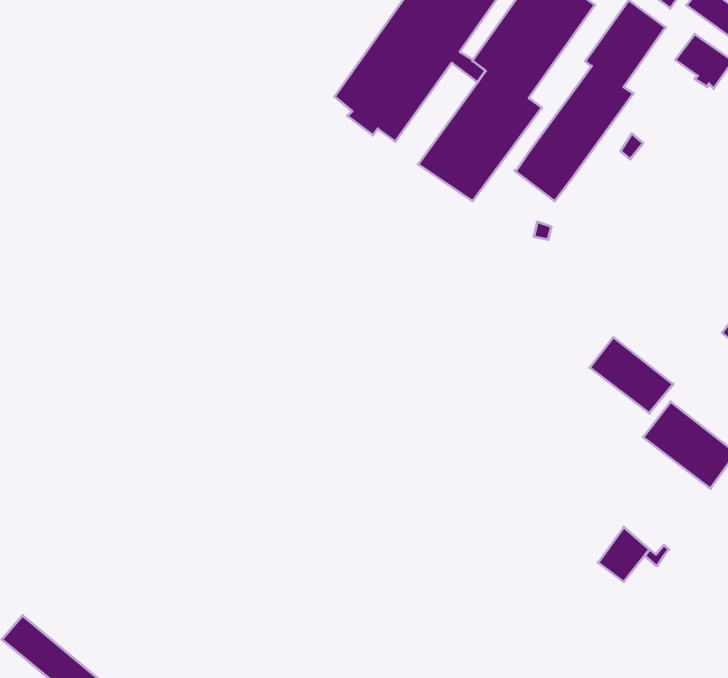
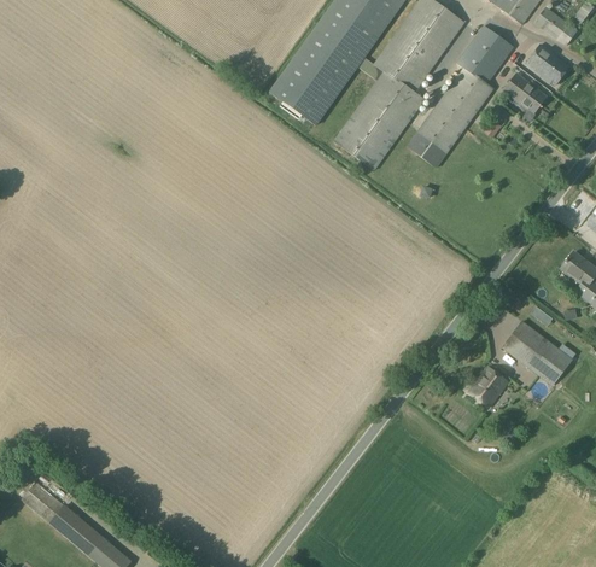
building: none -> [503,72,547,116]
building: [590,337,673,413] -> none
building: [598,527,650,582] -> [469,364,508,405]

